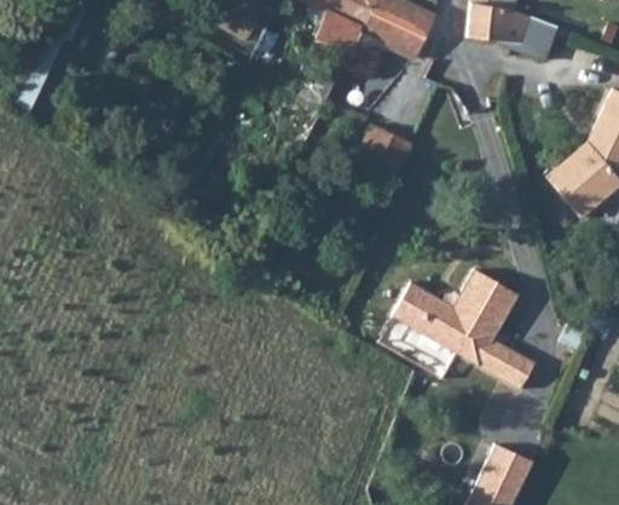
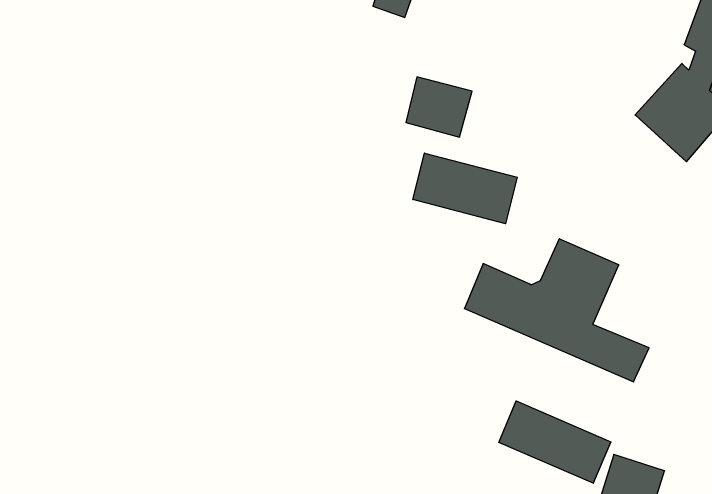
building: none -> [413,153,517,224]
building: none -> [499,401,611,483]

